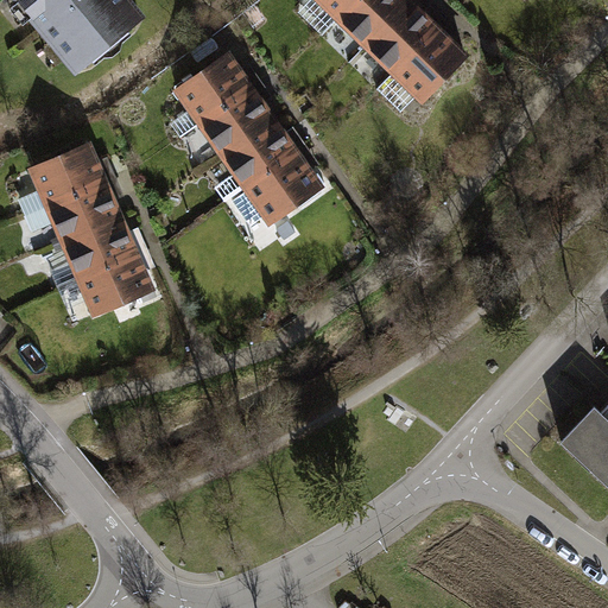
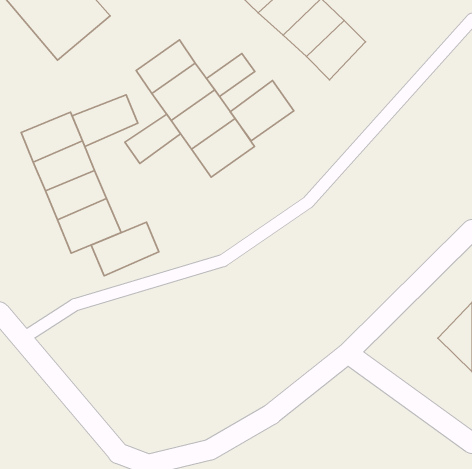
building: none -> [206,54,255,96]
building: none -> [230,81,294,141]
building: none -> [72,95,138,146]
building: none -> [125,114,180,164]
building: none -> [91,222,159,276]

